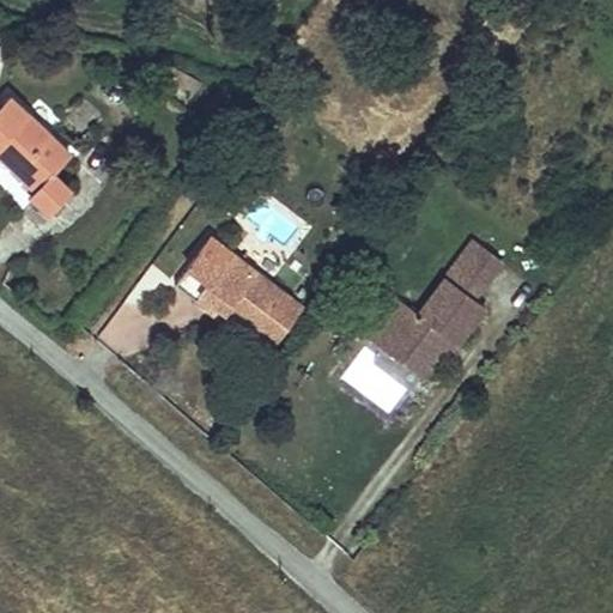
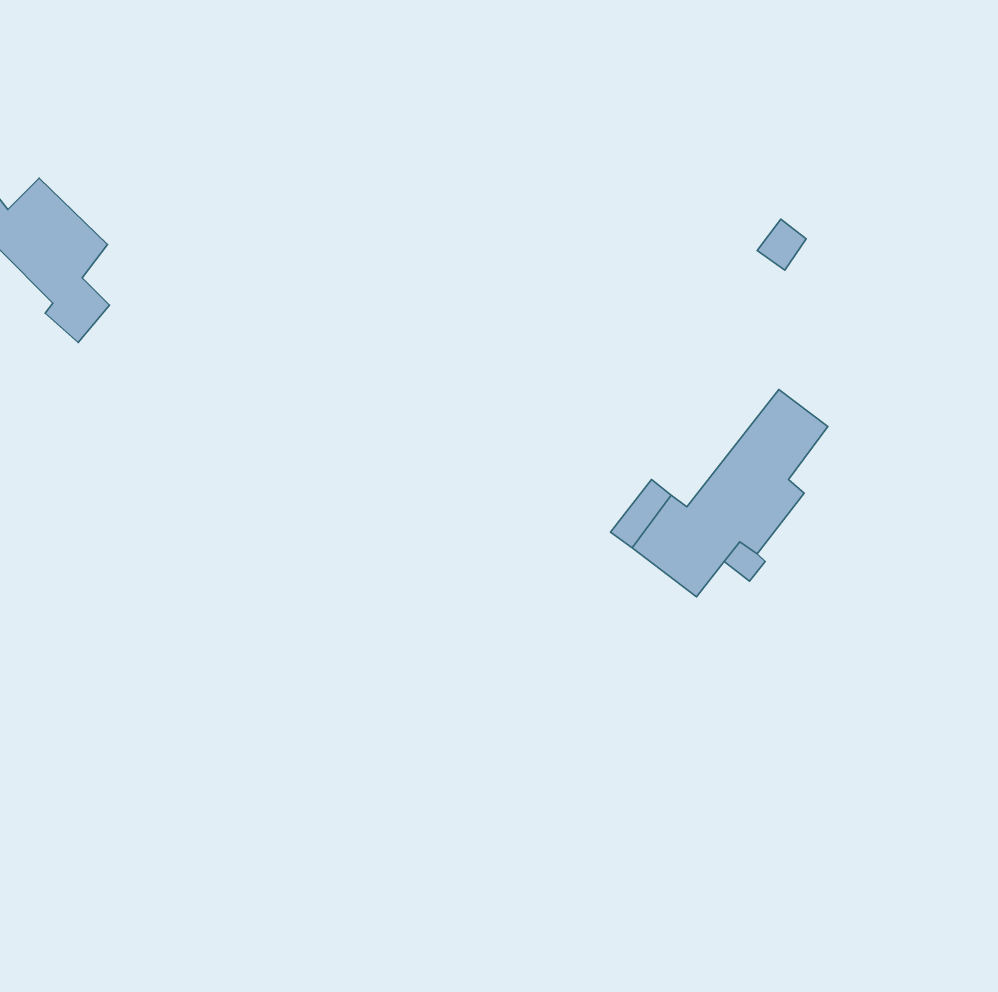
building: [177,254,301,347] -> none

